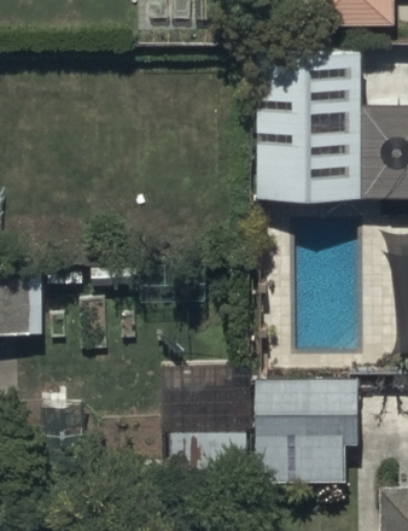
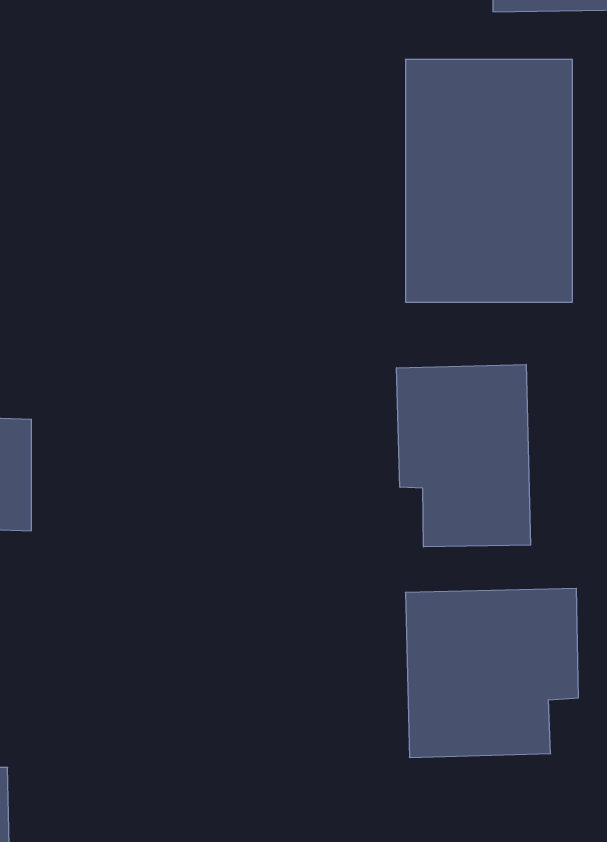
building: none -> [397,364,531,547]

